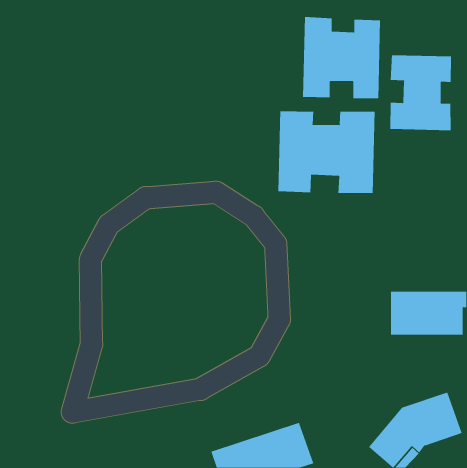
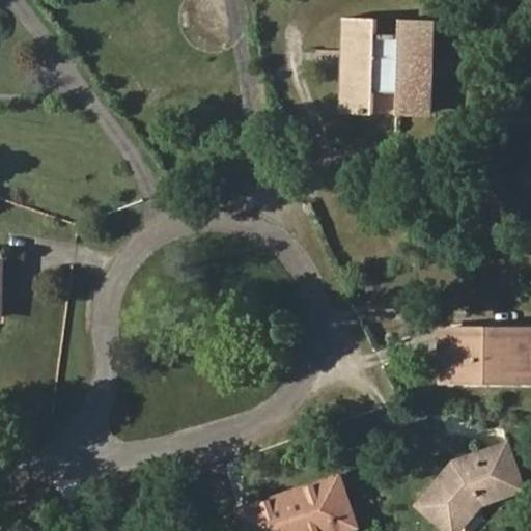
building: [390,55,451,131] -> none
building: [278,111,375,194] -> none

